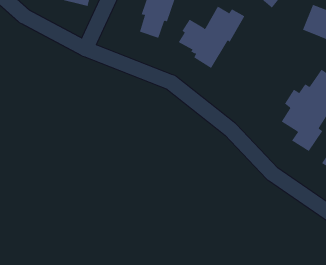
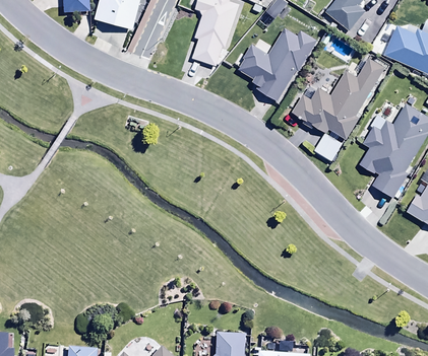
building: none -> [292,57,386,161]

